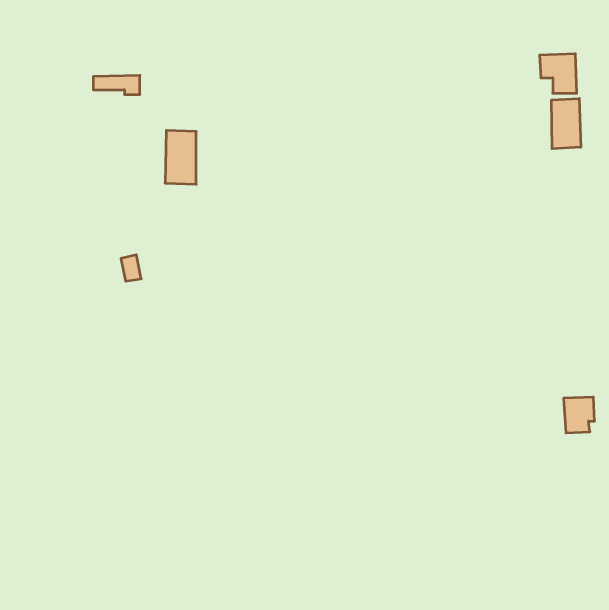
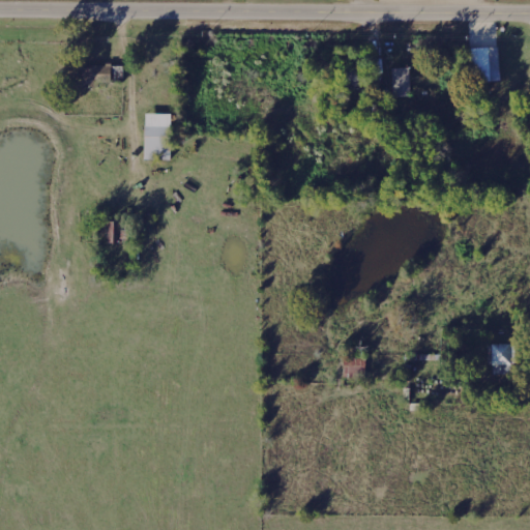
building: none -> [390,67,410,96]
building: [552,98,581,149] -> none

